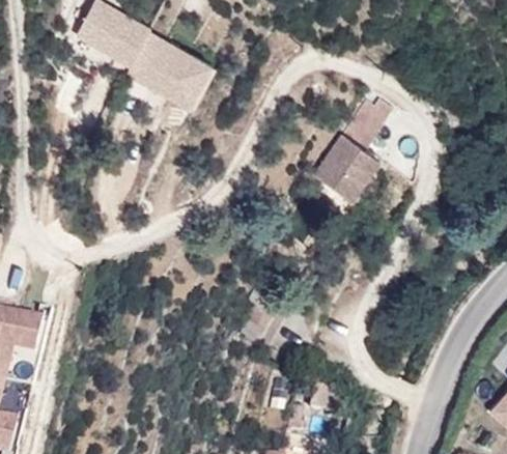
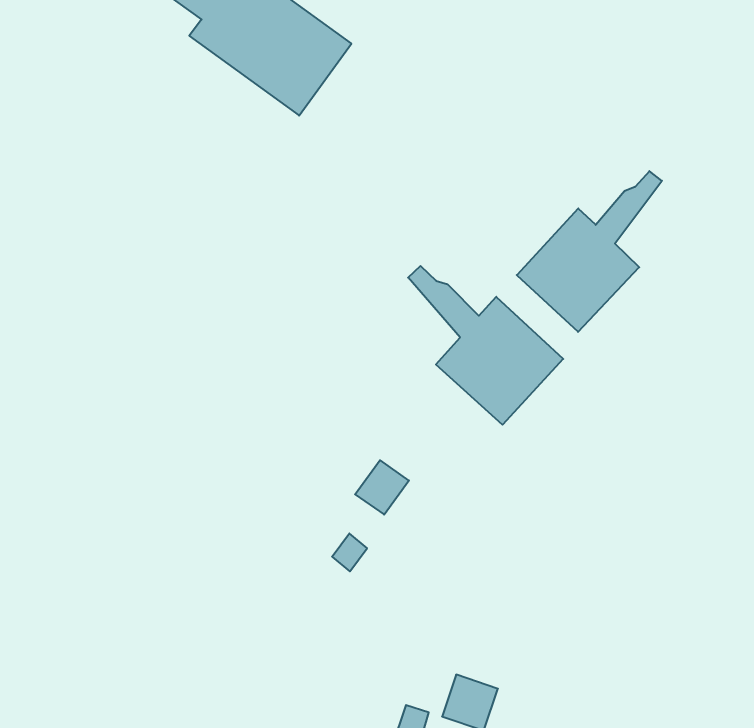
building: none -> [408,266,563,425]

